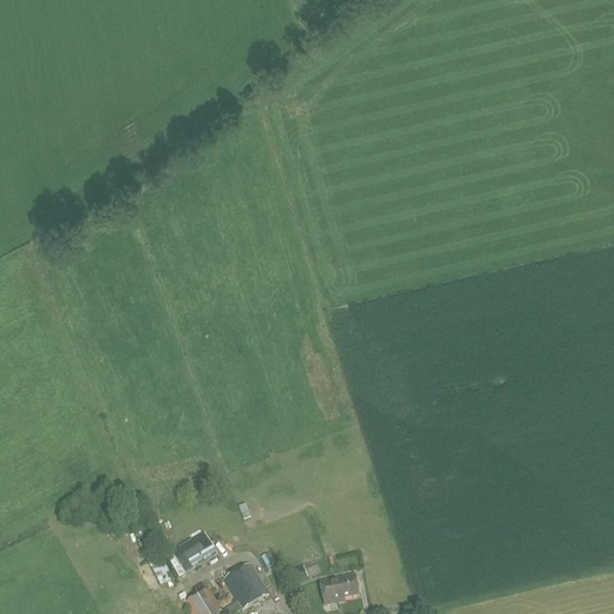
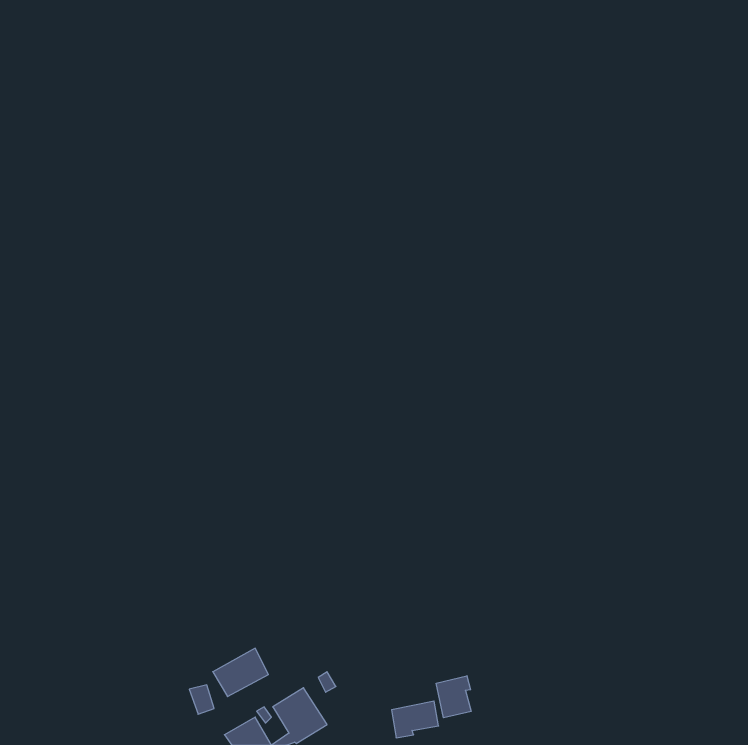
building: none -> [436,676,471,718]

